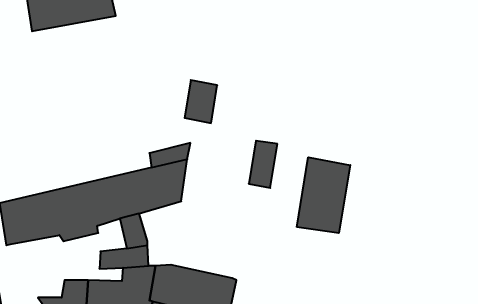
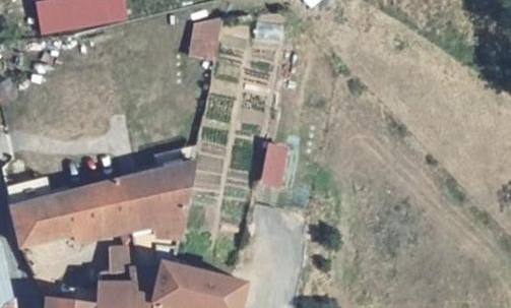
building: [185,80,217,123] -> [186,19,218,62]
building: [297,157,350,233] -> none
building: none -> [148,202,190,242]

